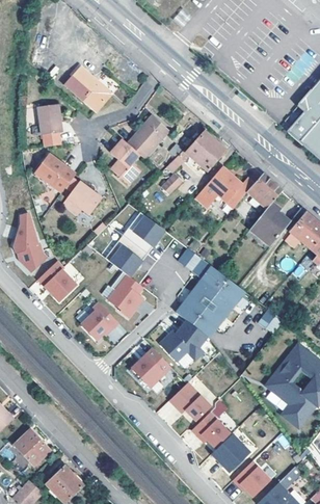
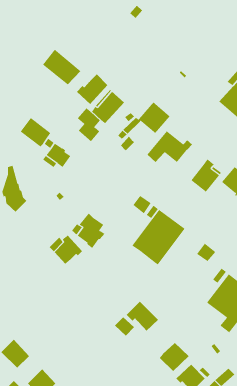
building: none -> [76,74,108,105]
building: [41,102,62,133] -> none
building: [246,174,282,210] -> none
building: [105,213,164,276] -> none
building: [37,260,77,300] -> none
building: [159,319,207,360] -> none
building: [129,347,170,386] -> none
building: [191,412,230,448] -> none

